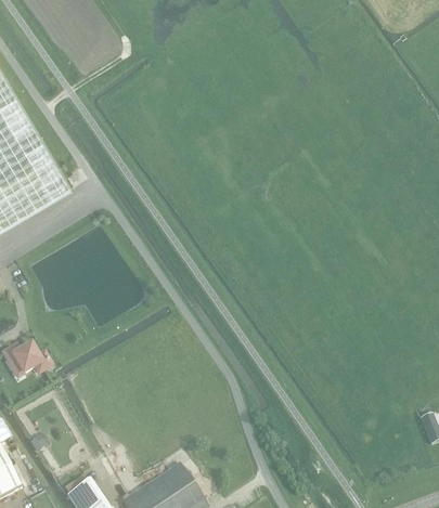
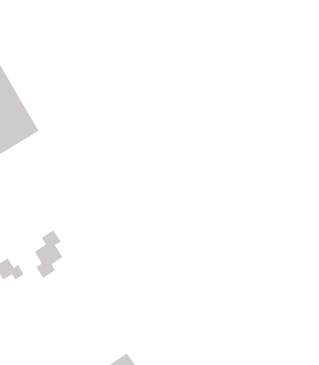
building: none -> [34,230,63,279]

